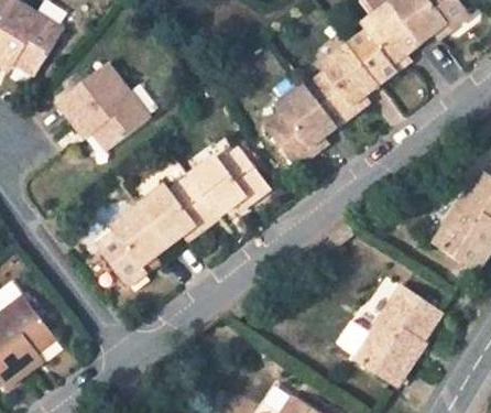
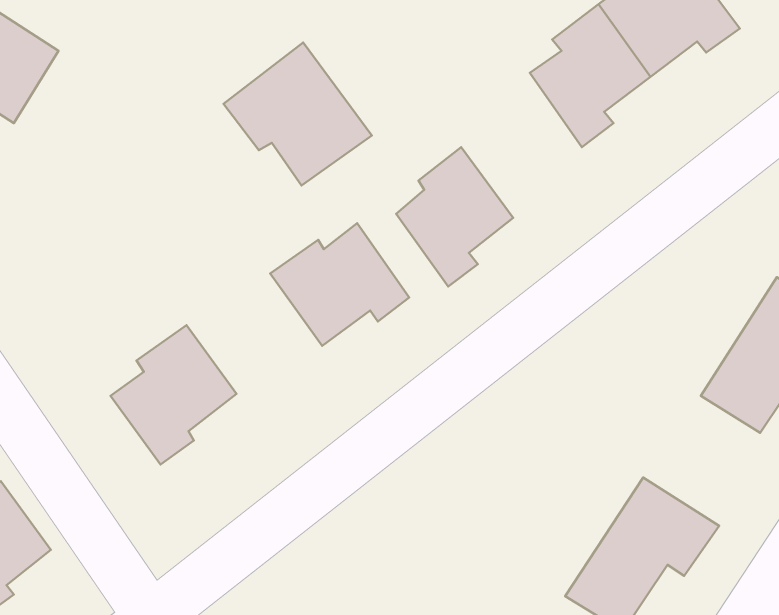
building: [297,51,369,137] -> none
building: [56,63,144,148] -> [223,43,372,186]
building: [134,170,215,241] -> none

